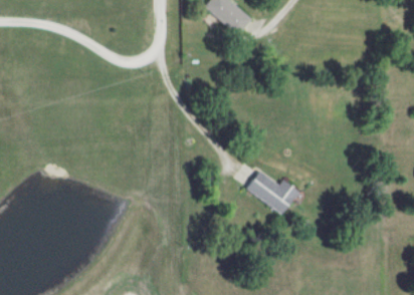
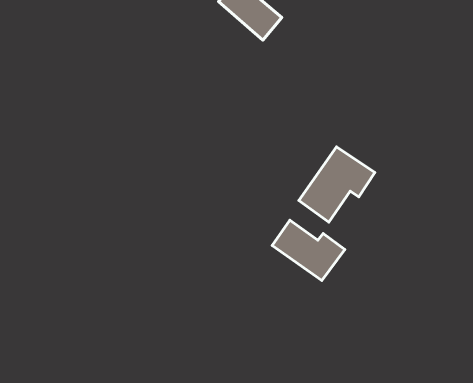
building: none -> [299,147,375,222]

